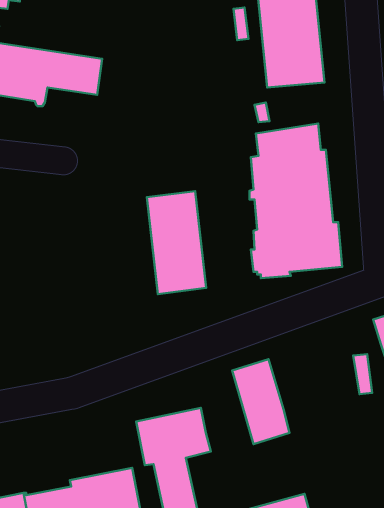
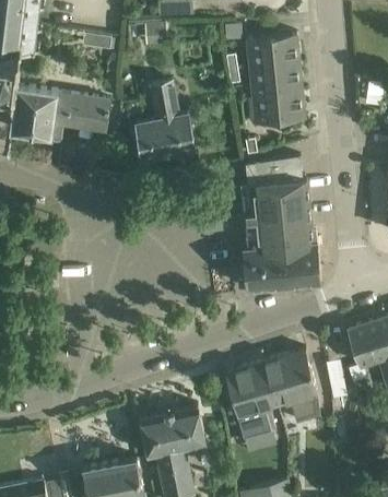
building: none -> [136,81,195,159]
building: [147,191,206,294] -> none
building: none -> [256,350,319,422]

